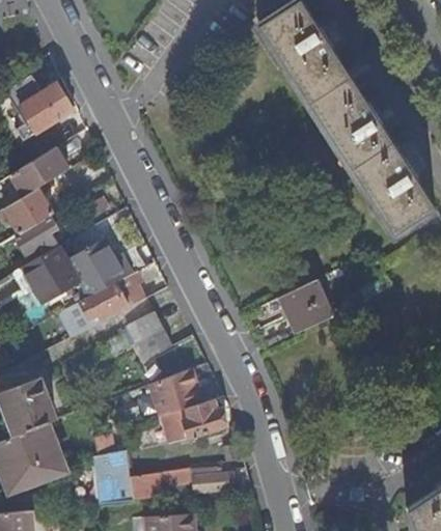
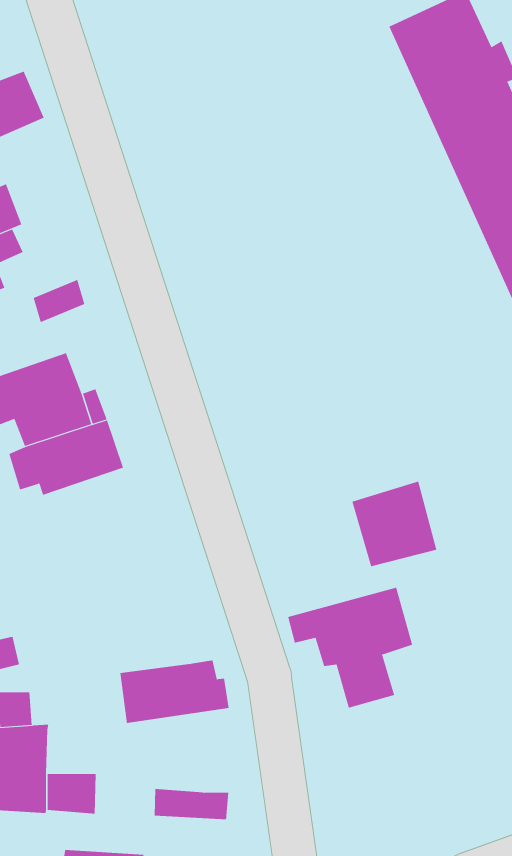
building: [127,312,171,360] -> none
building: none -> [287,587,413,708]
building: [150,370,201,417] -> none

